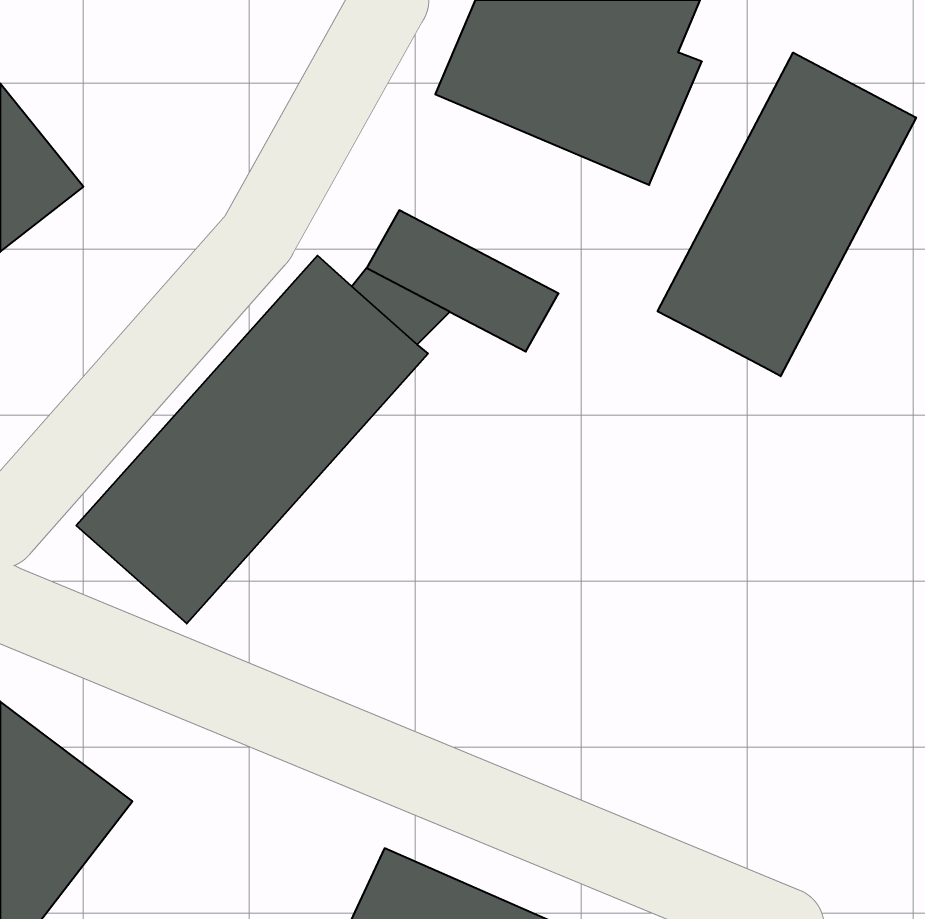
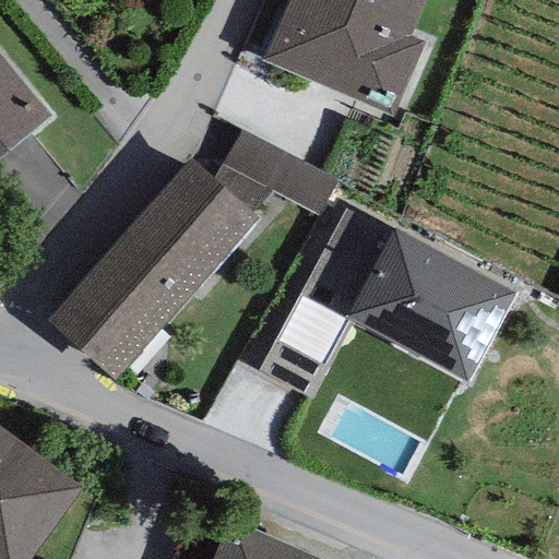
building: [658,53,916,376] -> none
building: none -> [259,209,513,401]

